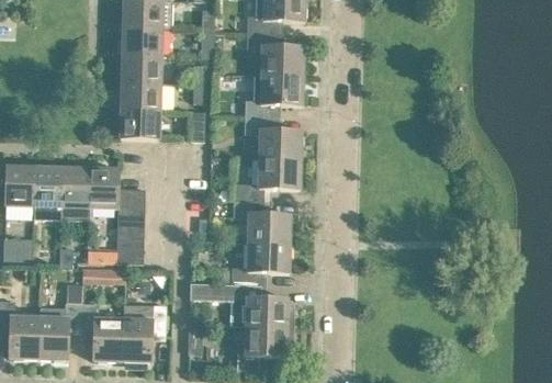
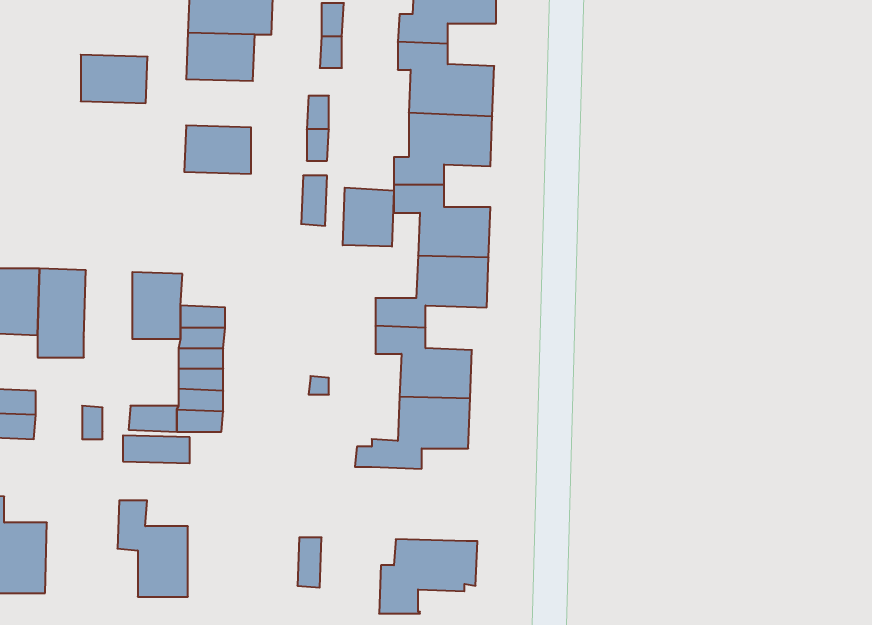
building: [121,54,160,82] -> [81,55,148,103]
building: [119,109,159,138] -> none
building: none -> [343,188,394,247]
building: [60,167,89,219] -> none
building: [37,282,81,359] -> none
building: [189,282,294,327] -> none
building: [122,304,165,361] -> none

